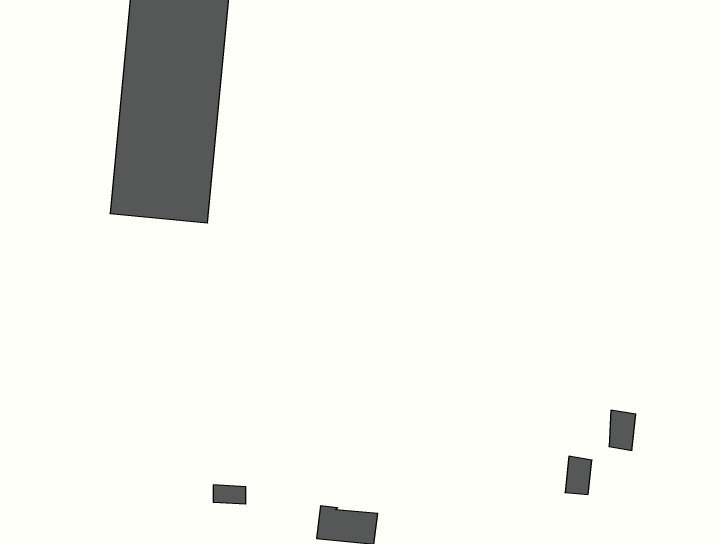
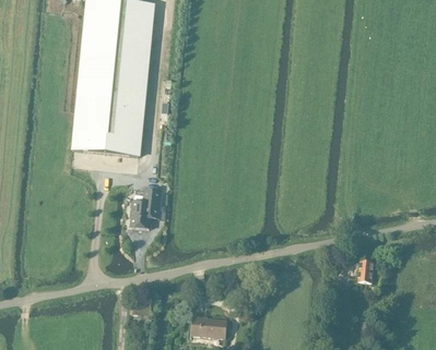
building: none -> [131,189,162,228]

